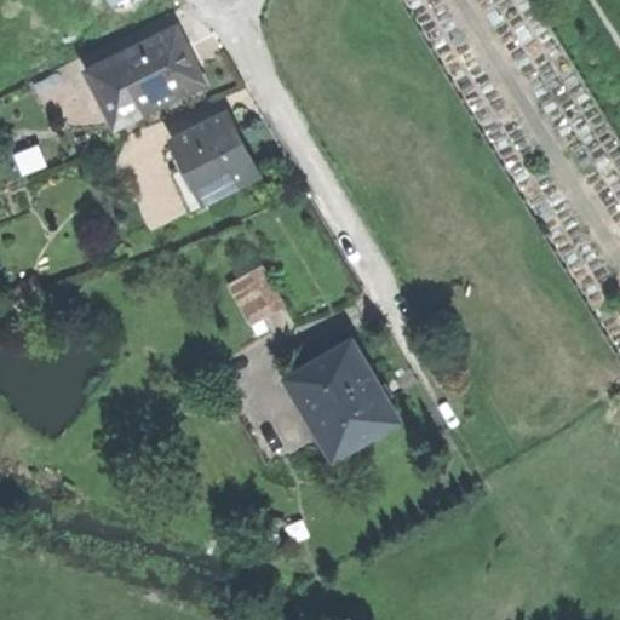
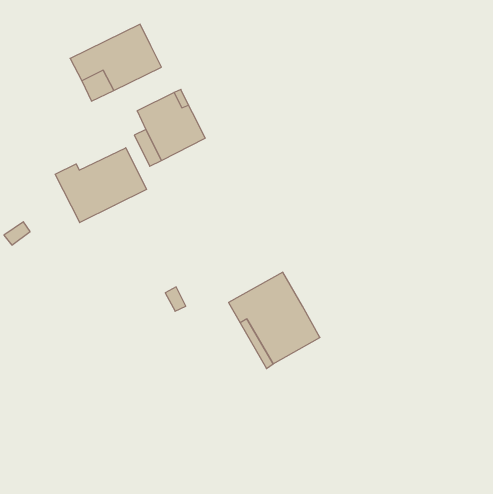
building: none -> [55,148,147,223]
building: [226,265,279,320] -> none

